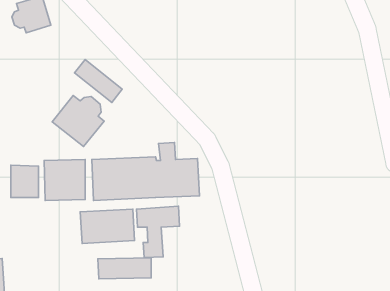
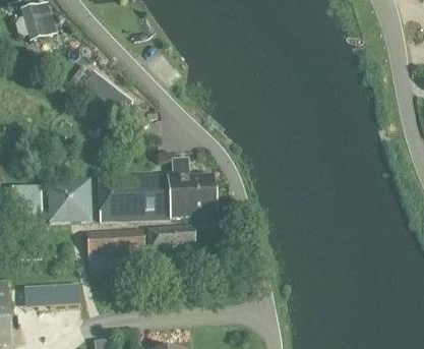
building: [52,95,104,146] -> none
building: [98,258,151,279] -> [24,280,81,302]

